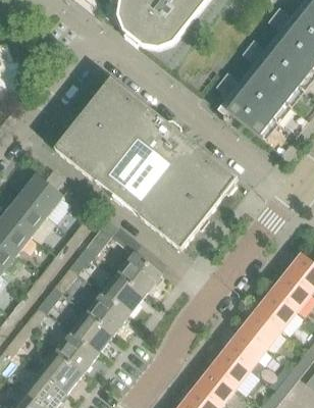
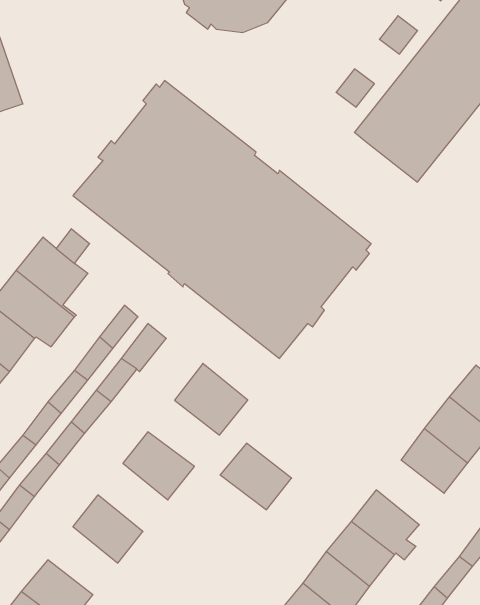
building: [100,273,144,314] -> [220,443,292,510]
building: [240,310,281,350] -> none
building: [69,312,112,354] -> none
building: [39,351,82,393] -> none

